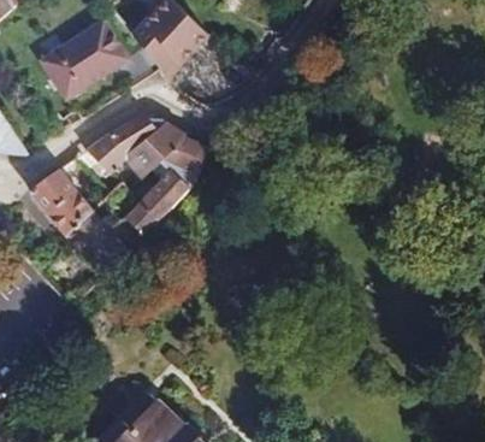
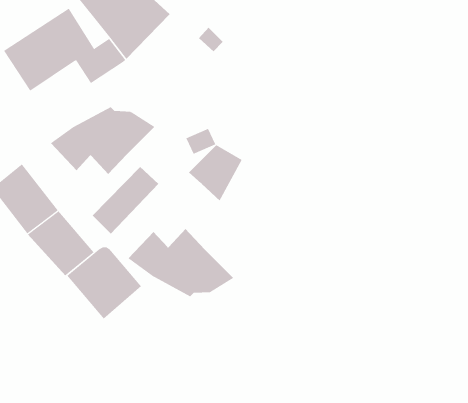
building: [158,134,209,188] -> [188,145,243,201]
building: none -> [127,228,234,297]
building: none -> [66,247,142,320]

